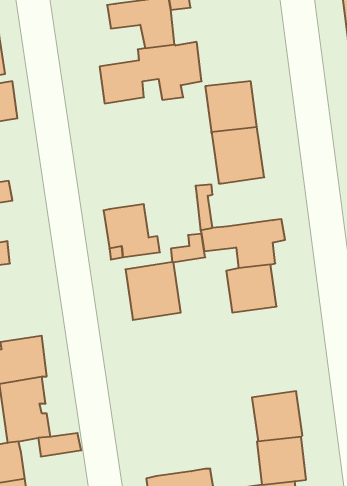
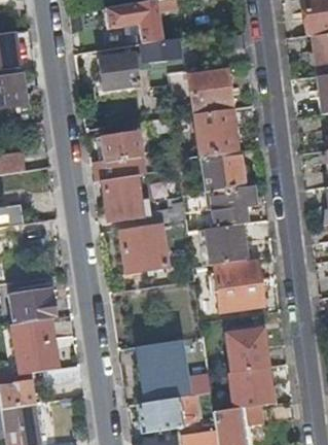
building: none -> [92,129,144,179]
building: none -> [201,150,244,192]
building: none -> [214,261,263,311]
building: none -> [139,339,211,401]

